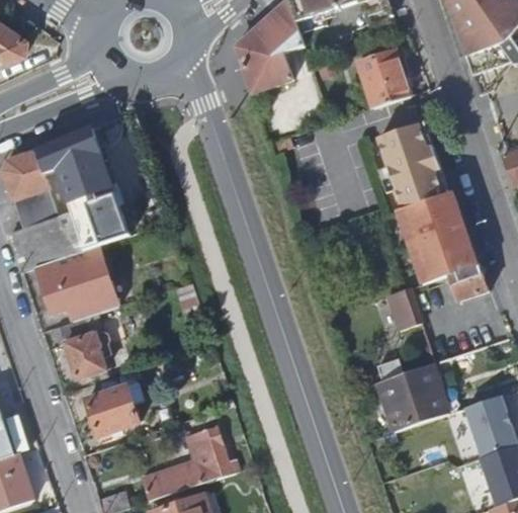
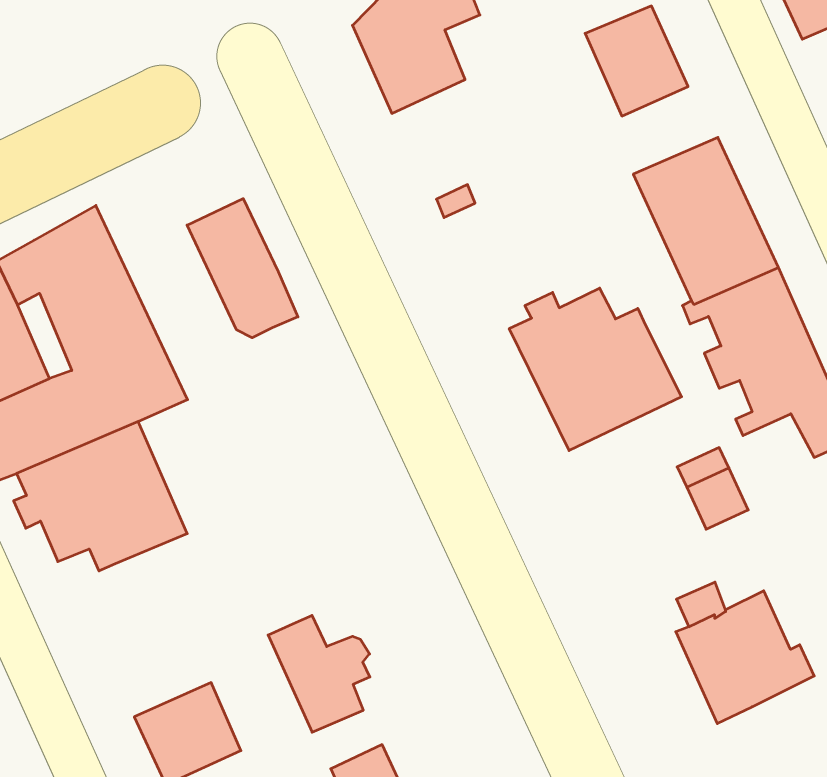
building: none -> [187,199,298,338]
building: none -> [509,288,682,451]
building: [58,317,110,378] -> [268,615,370,732]

